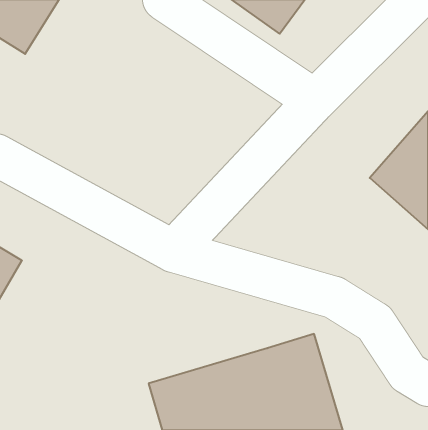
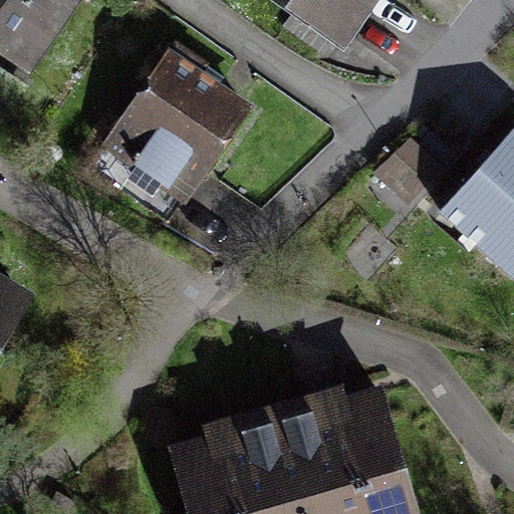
building: none -> [112,54,257,198]

